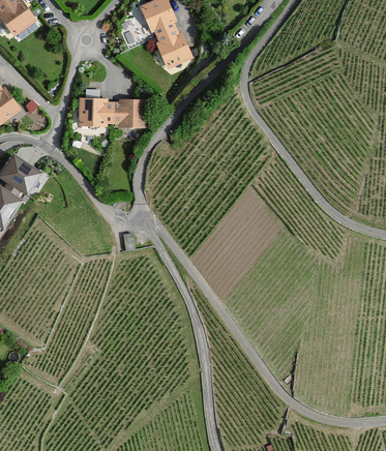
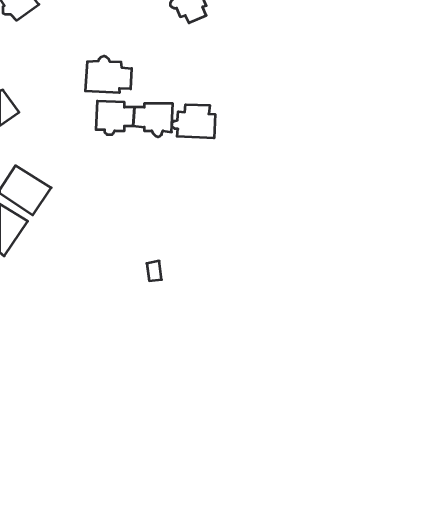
building: [158,28,188,65] -> none
building: none -> [85,56,132,93]
building: none -> [172,105,215,138]

